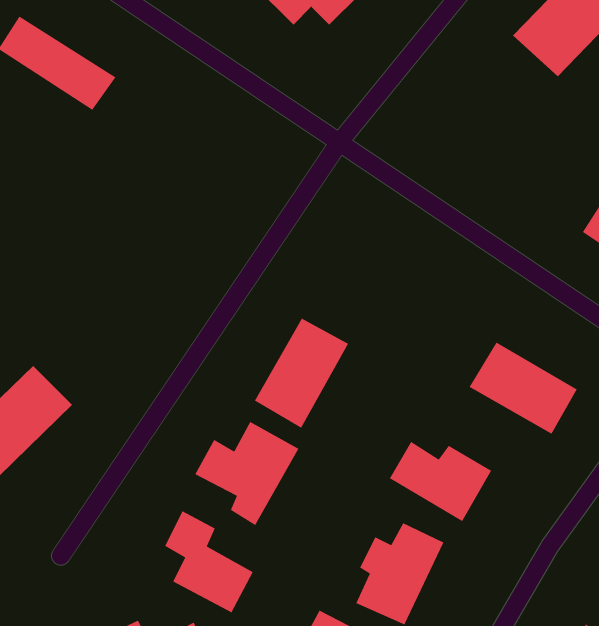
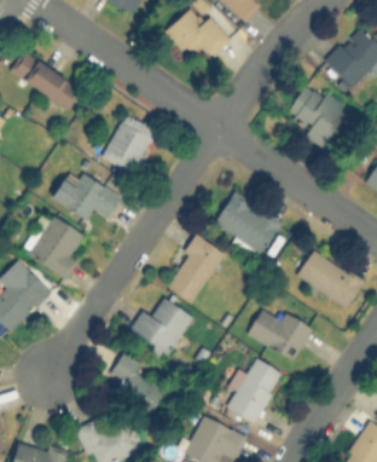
building: none -> [285,83,349,145]
building: none -> [104,115,155,173]
building: none -> [51,174,121,220]
building: none -> [214,192,283,254]
building: none -> [24,213,83,279]

